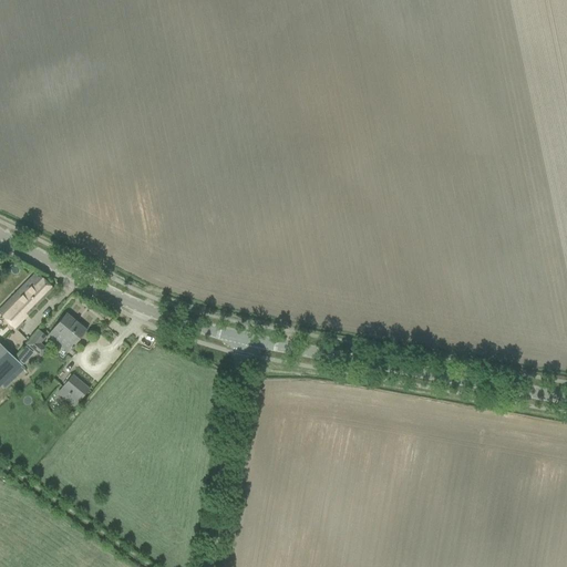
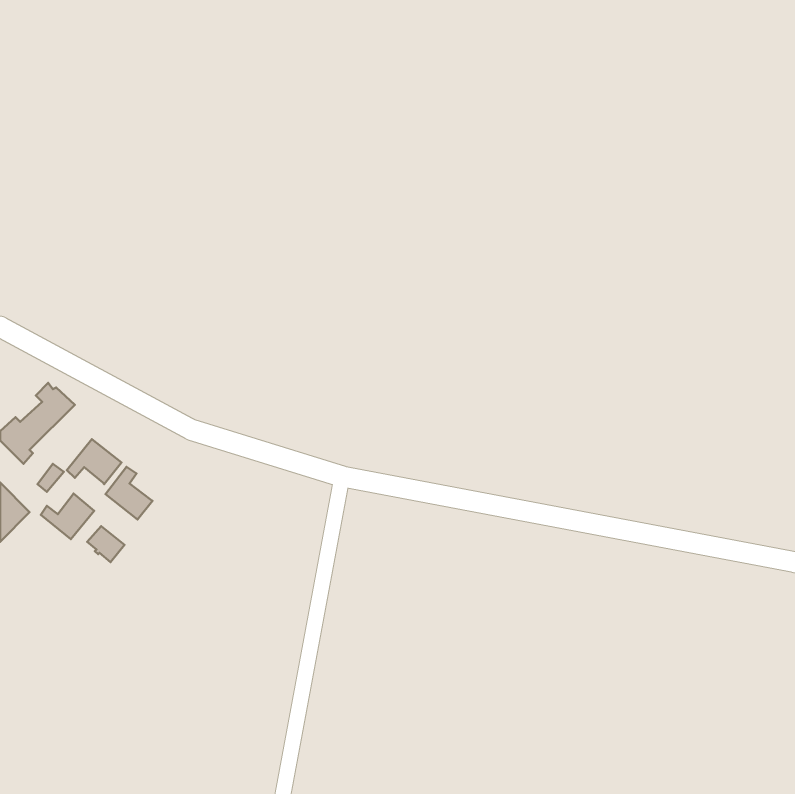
building: none -> [105,467,152,520]
building: none -> [41,494,94,539]

